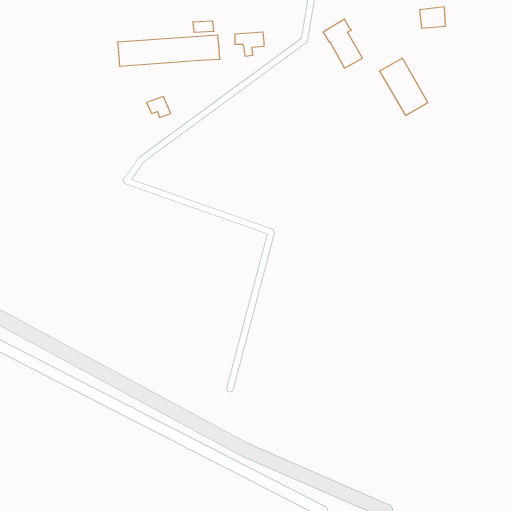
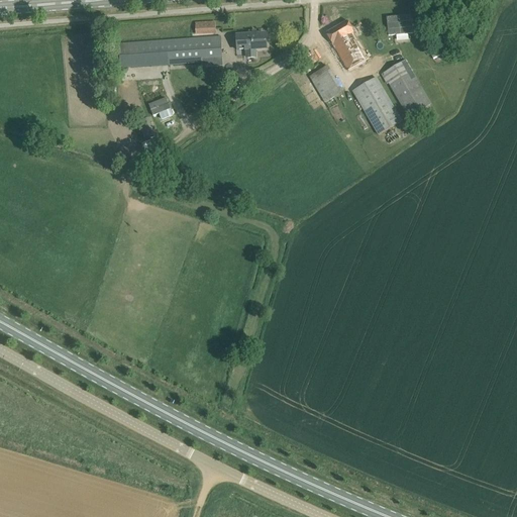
building: [419,7,445,28] -> [386,13,412,34]
building: none -> [313,66,341,100]
building: none -> [352,76,401,133]

